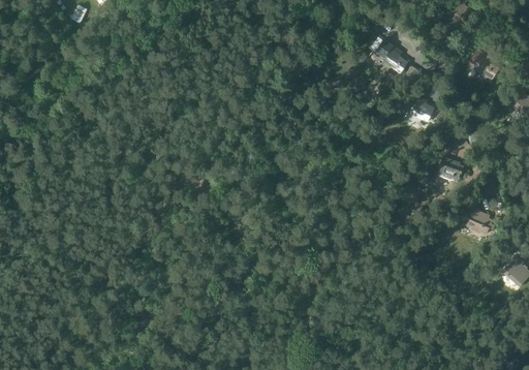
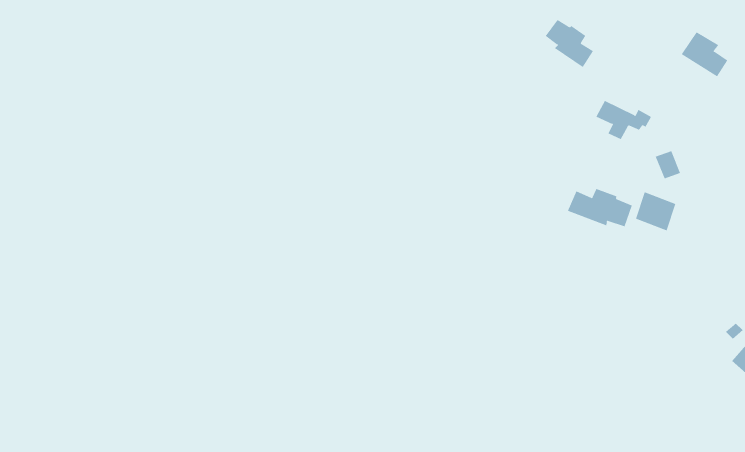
building: none -> [567,188,632,227]
building: [464,207,495,234] -> none

